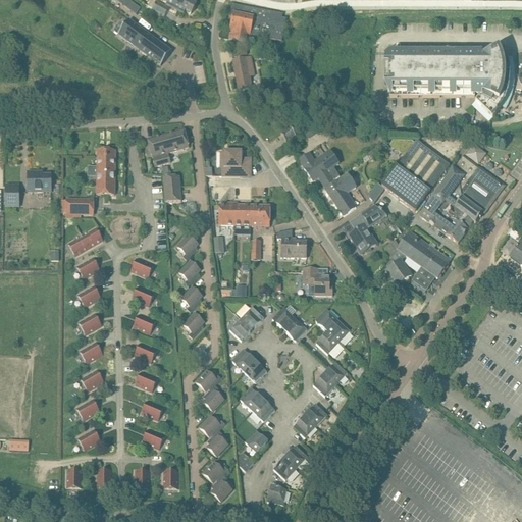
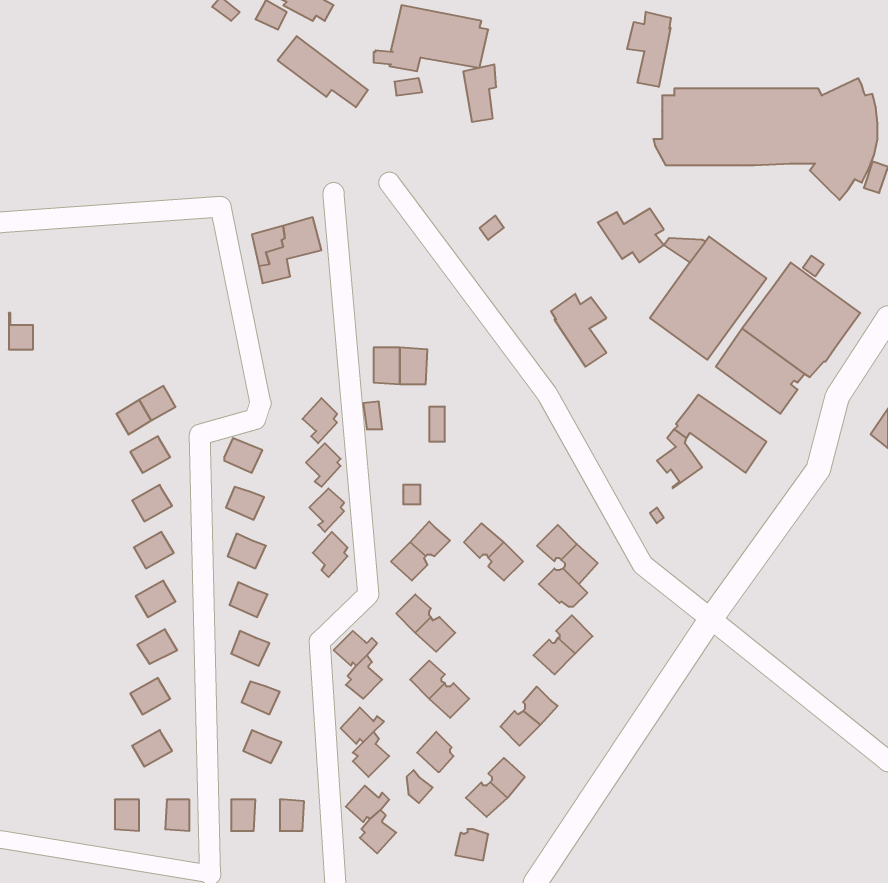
building: none -> [627,12,671,87]
building: [118,18,171,60] -> [278,36,368,107]
building: [233,55,253,89] -> [463,64,496,122]
building: [97,149,115,194] -> none
building: [222,150,251,175] -> none
building: [299,151,337,182] -> [598,209,664,262]
building: [28,170,51,192] -> none
building: [163,175,181,202] -> none
building: [66,198,94,214] -> none
building: [250,205,270,225] -> none
building: [350,205,387,253] -> none
building: [277,228,307,257] -> none
building: [297,266,333,295] -> none

